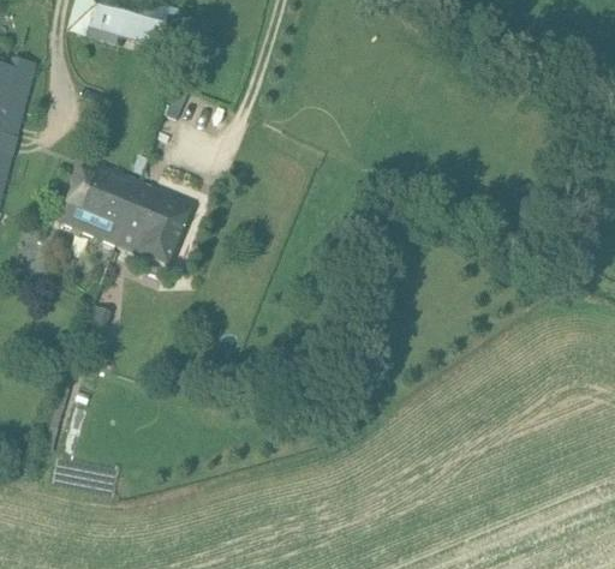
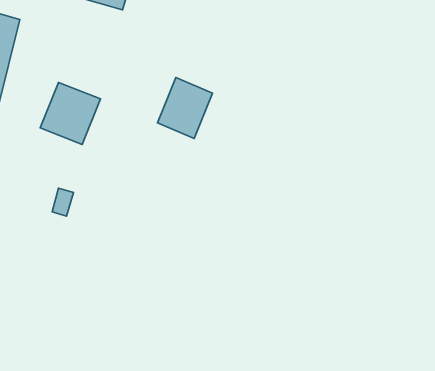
building: [117,182,192,266] -> [157,77,213,139]

